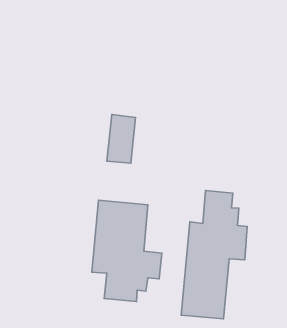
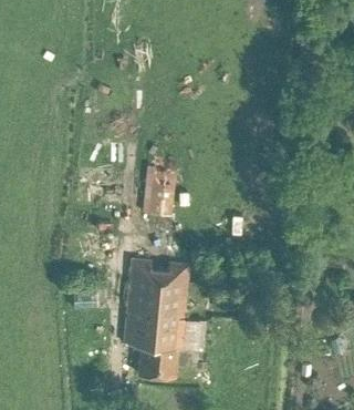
building: [181,190,247,319] -> none

